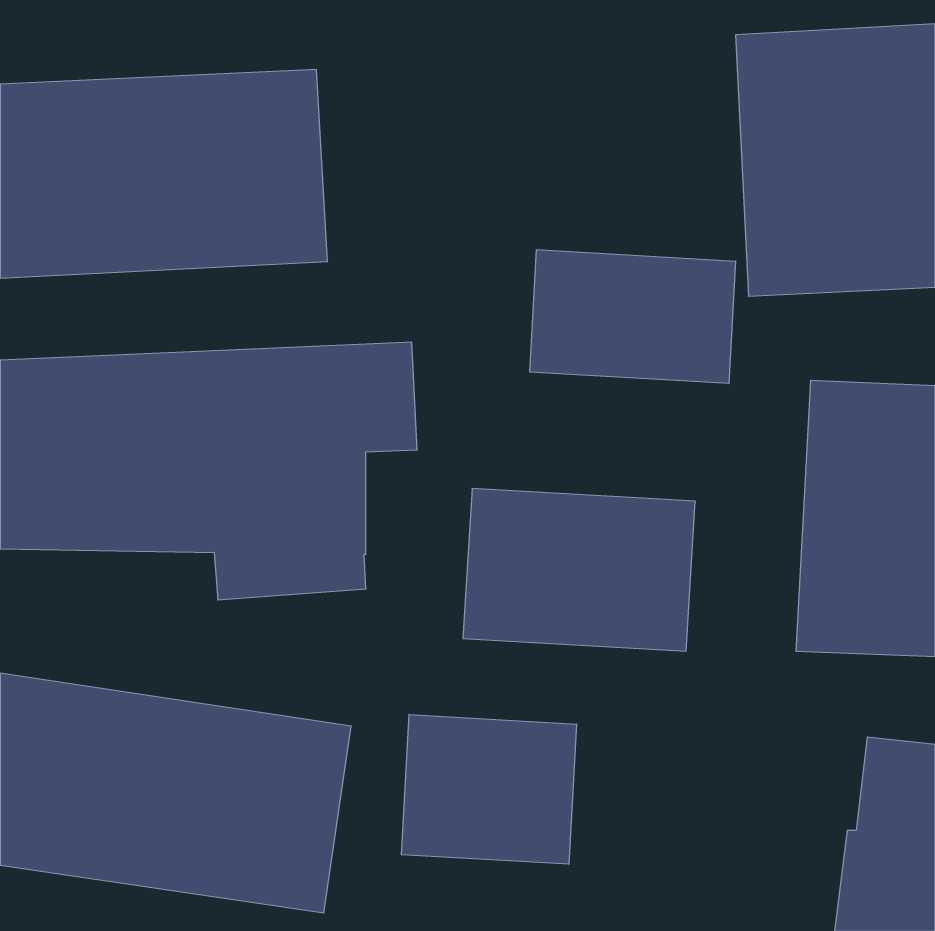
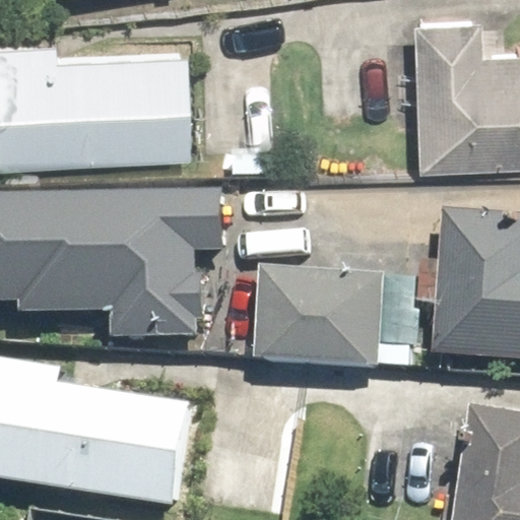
building: [530,250,736,384] -> none
building: [401,714,577,864] -> none

